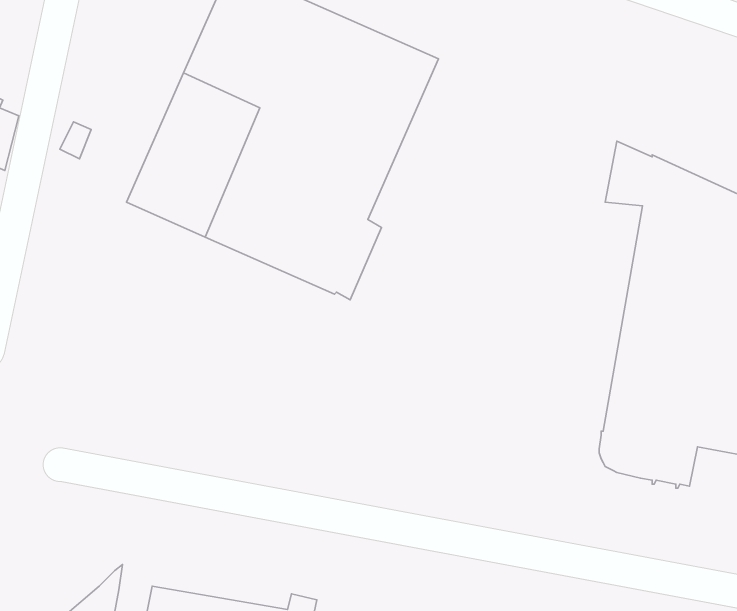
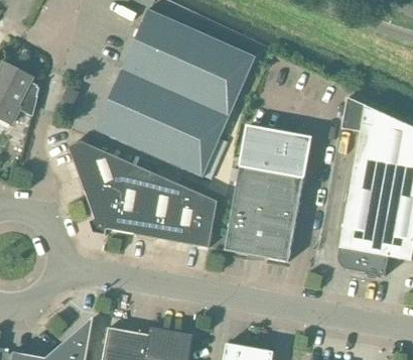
building: none -> [224,125,310,261]
building: none -> [68,141,217,246]

